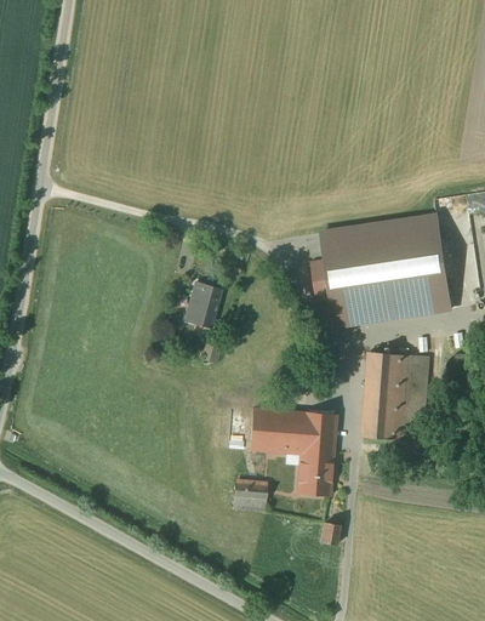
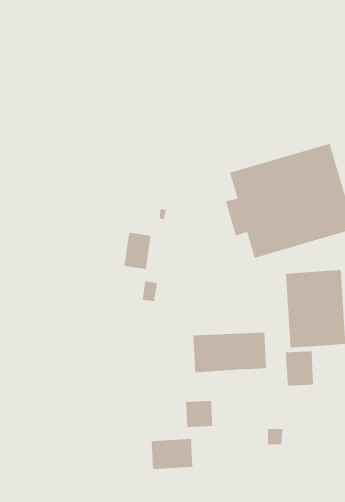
building: [297,454,331,495] -> [285,351,314,386]
building: none -> [151,438,193,470]

